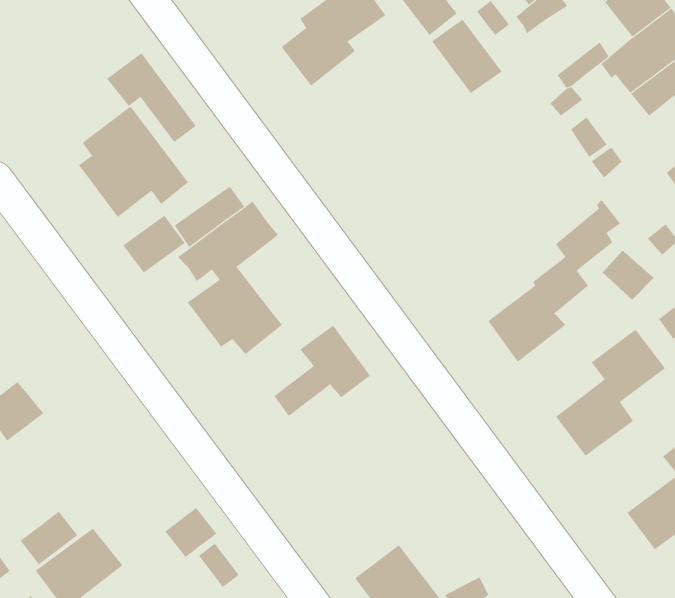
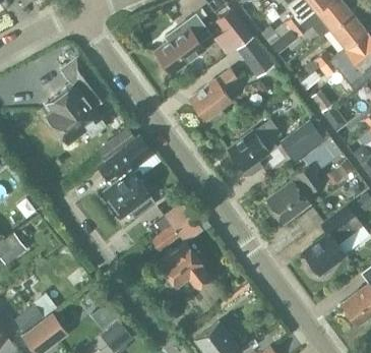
building: none -> [189,69,239,121]
building: none -> [280,119,328,164]
building: none -> [227,120,282,172]
building: [122,215,186,273] -> none
building: none -> [158,243,212,288]

